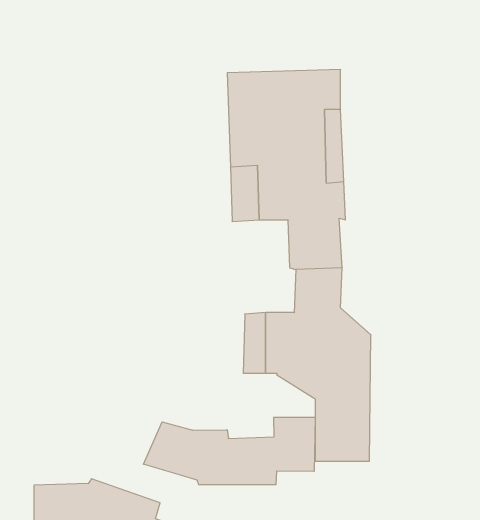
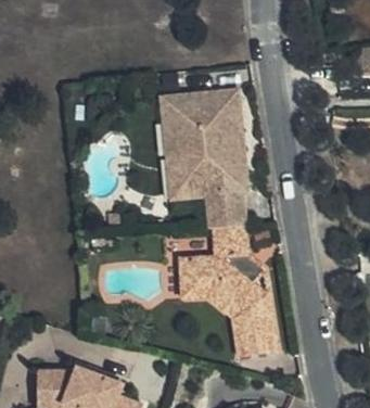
building: [143,417,315,485] -> none

